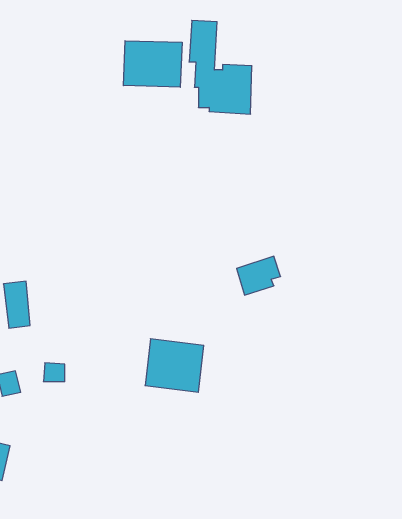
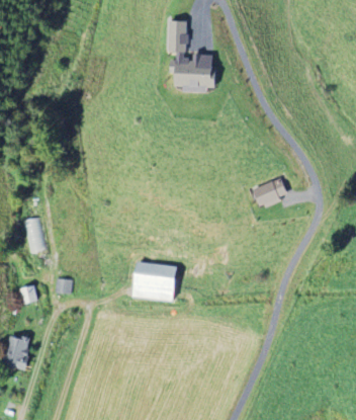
building: [123,41,182,87] -> none
building: [237,256,281,295] -> [253,179,286,208]

